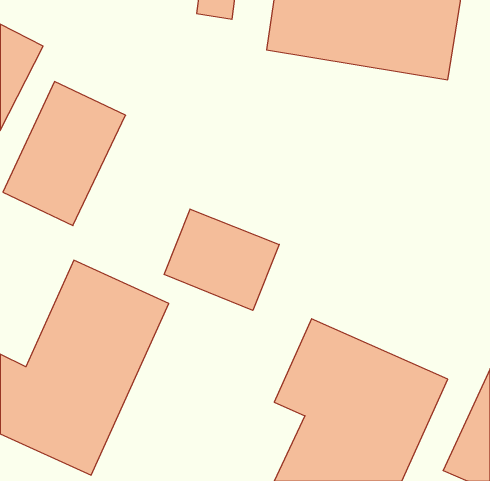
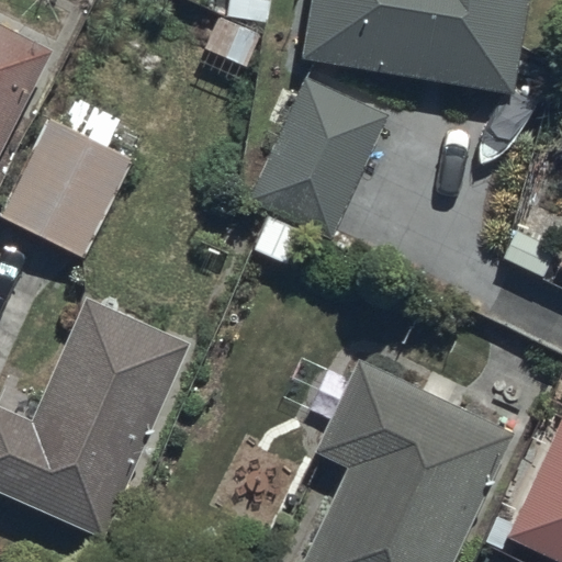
building: none -> [246,75,385,265]
building: [164,209,279,310] -> none

